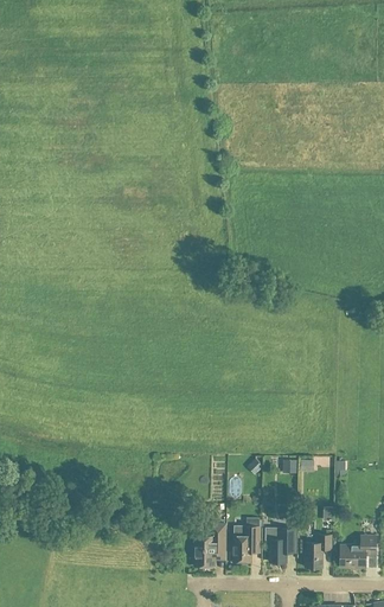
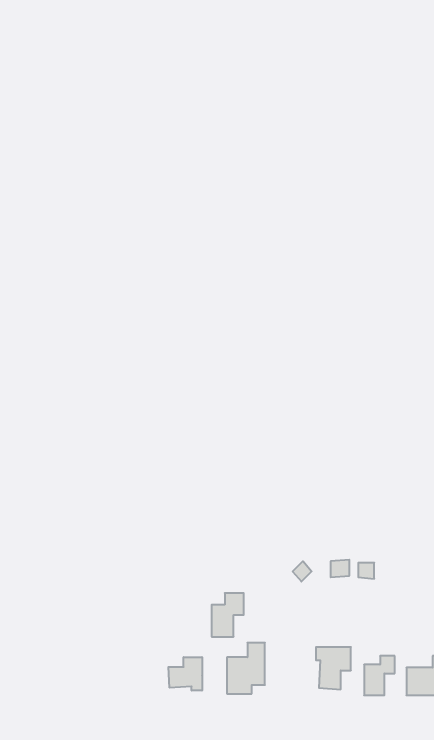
building: [233,525,260,561] -> [212,593,244,637]
building: none -> [168,657,202,691]

